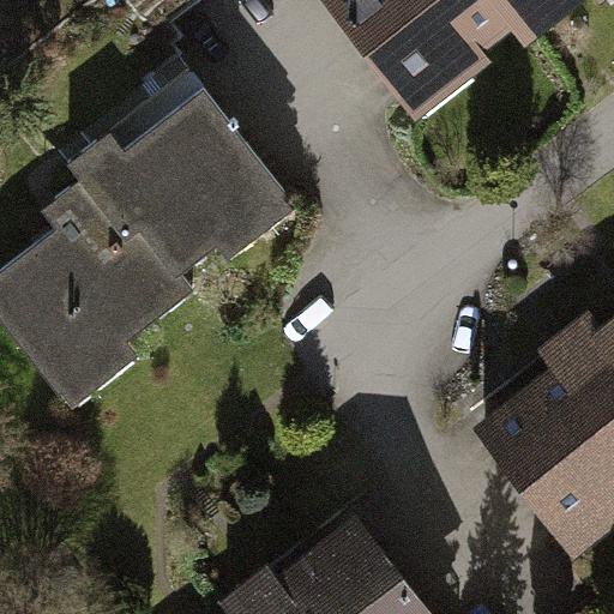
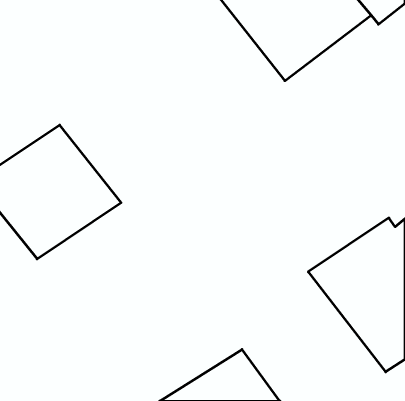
building: [78,92,296,301] -> none

